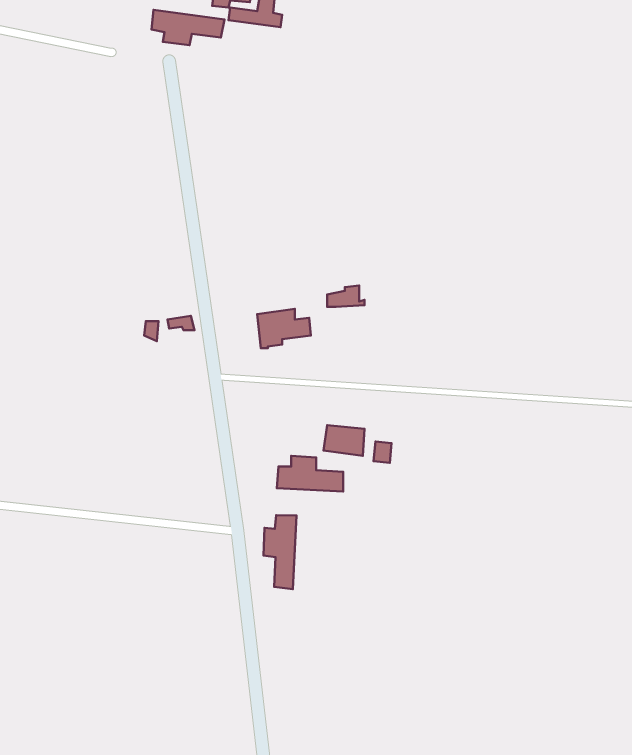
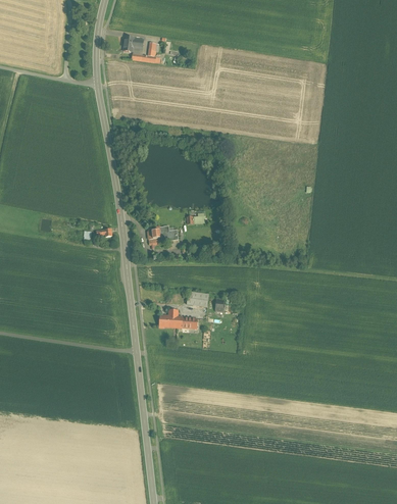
building: [151,10,224,45] -> none
building: [264,515,297,589] -> none

